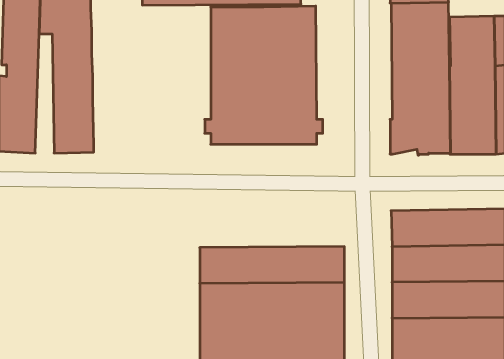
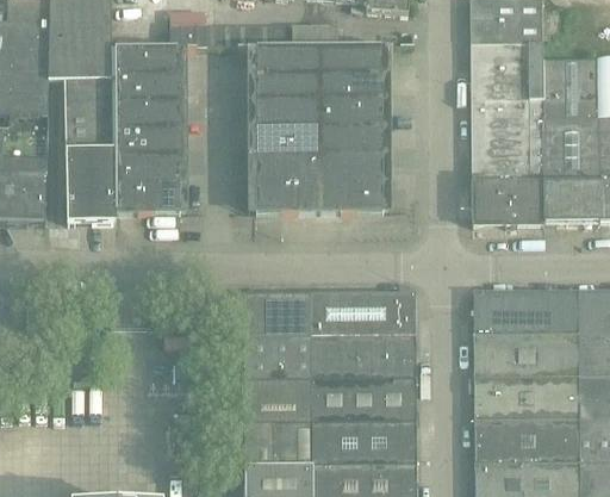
building: none -> [112,48,187,212]
building: none -> [243,291,417,335]

